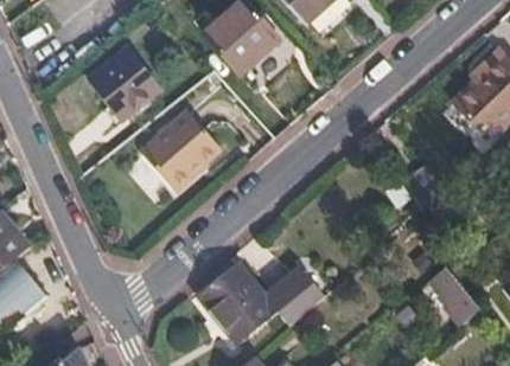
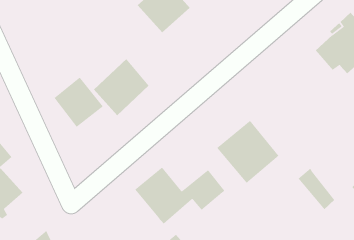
building: [90,47,160,118] -> [54,76,104,128]
building: none -> [216,120,280,184]

